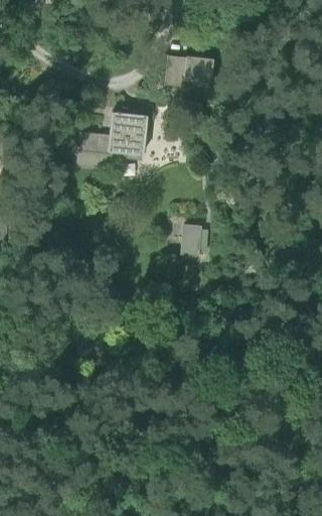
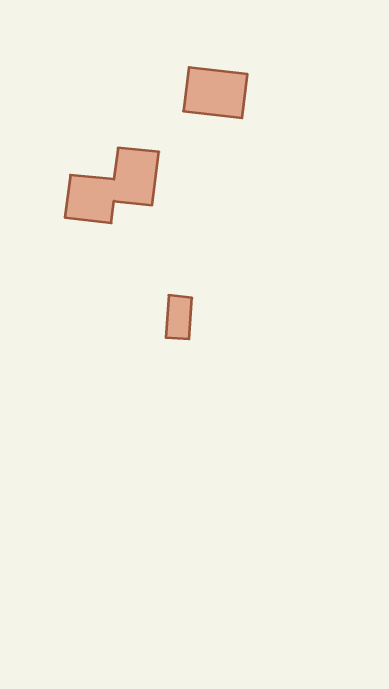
building: [180,225,199,257] -> [166,295,192,339]

